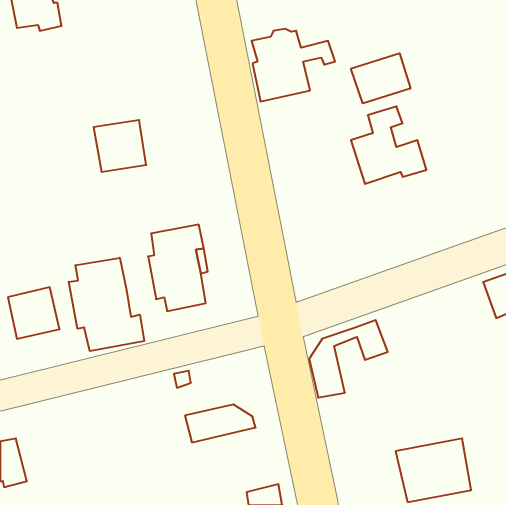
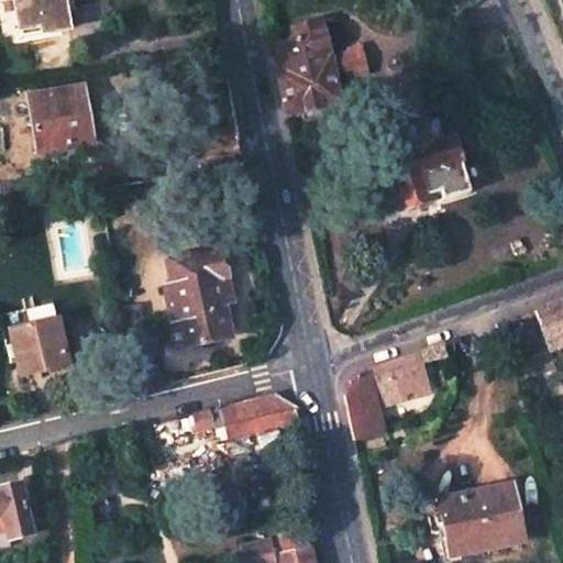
building: [351,53,410,103] -> none
building: [94,120,146,172] -> [34,90,92,147]
building: [69,258,144,351] -> none
building: [185,405,256,442] -> [221,395,299,437]

